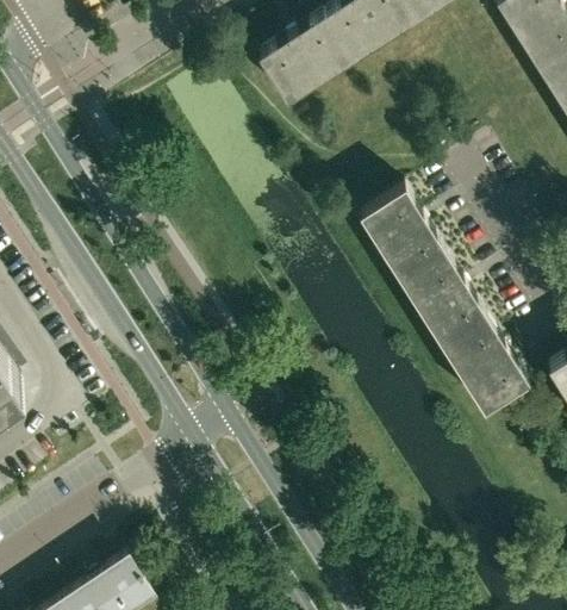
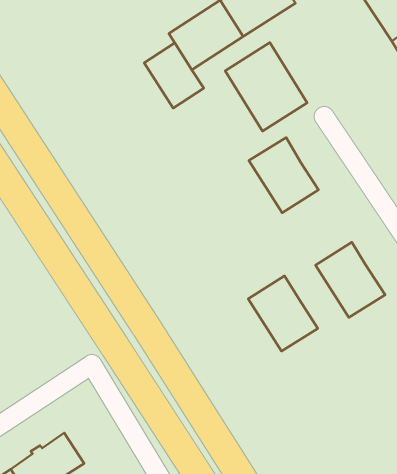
building: none -> [225,43,307,131]
building: none -> [144,43,204,108]
building: [400,253,487,347] -> [248,276,318,351]

